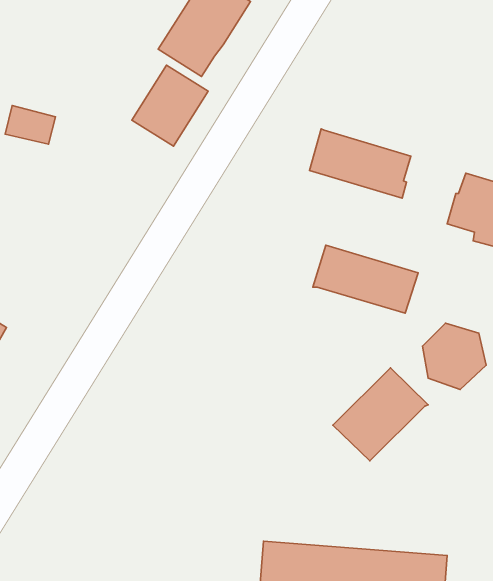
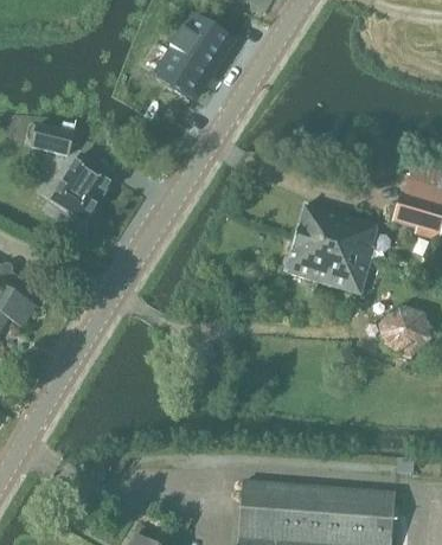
building: [132,65,208,146] -> [51,155,114,222]
building: [310,129,411,198] -> [294,204,377,261]
building: [333,368,428,461] -> none

